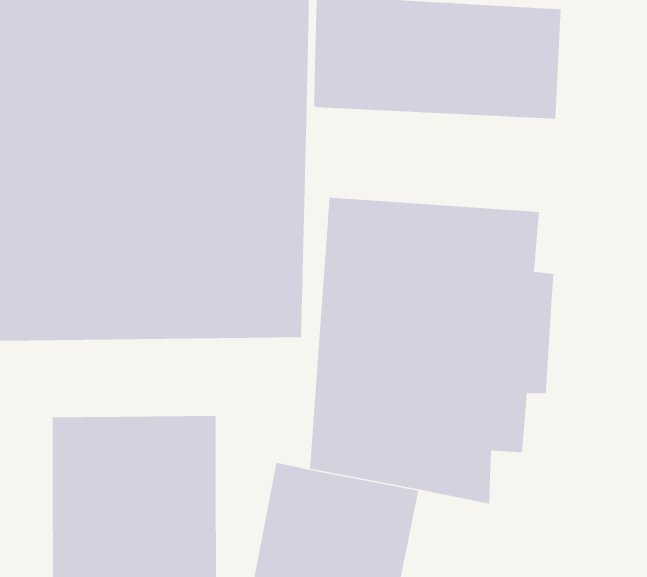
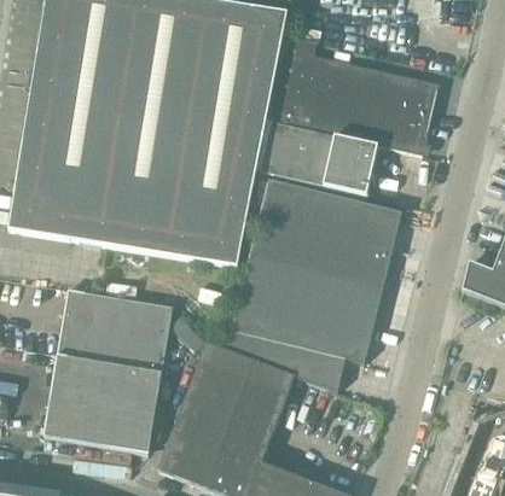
building: none -> [260,121,378,194]

